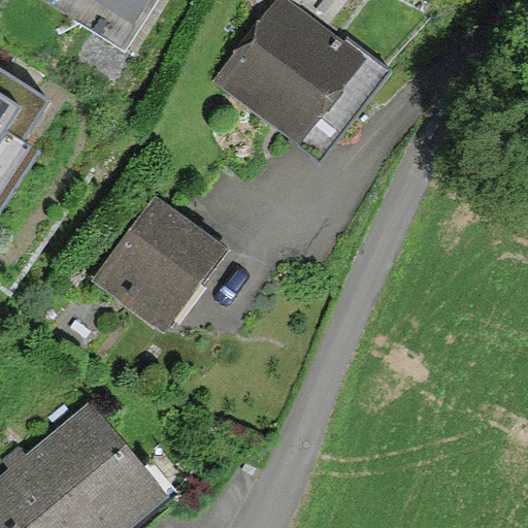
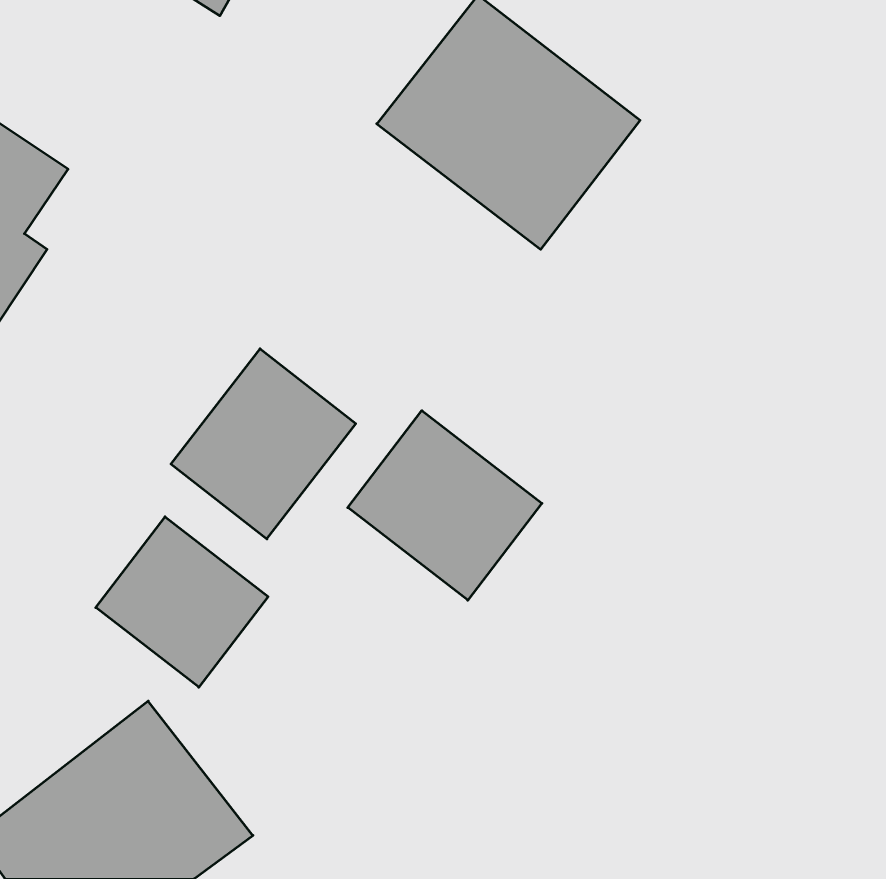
building: none -> [348,411,542,600]
building: none -> [96,517,268,687]

